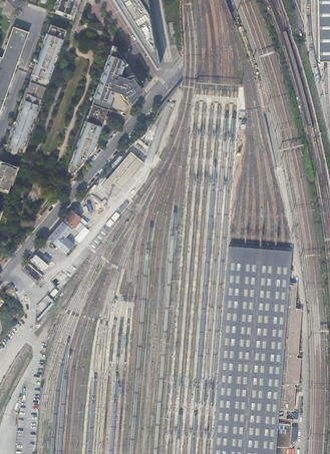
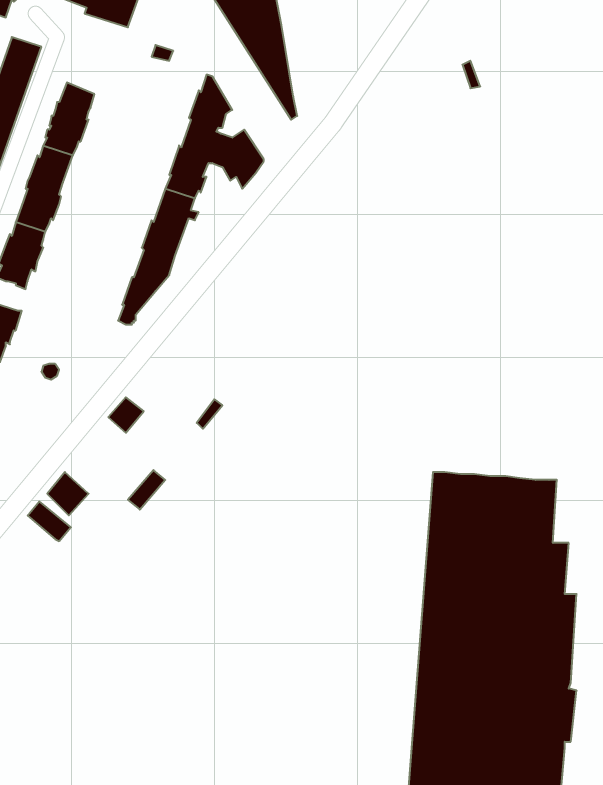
building: [41,24,65,55] -> none
building: [101,150,145,197] -> none
building: [48,219,73,251] -> none

